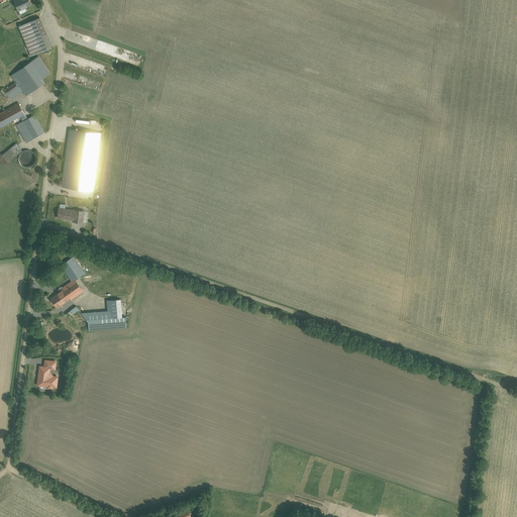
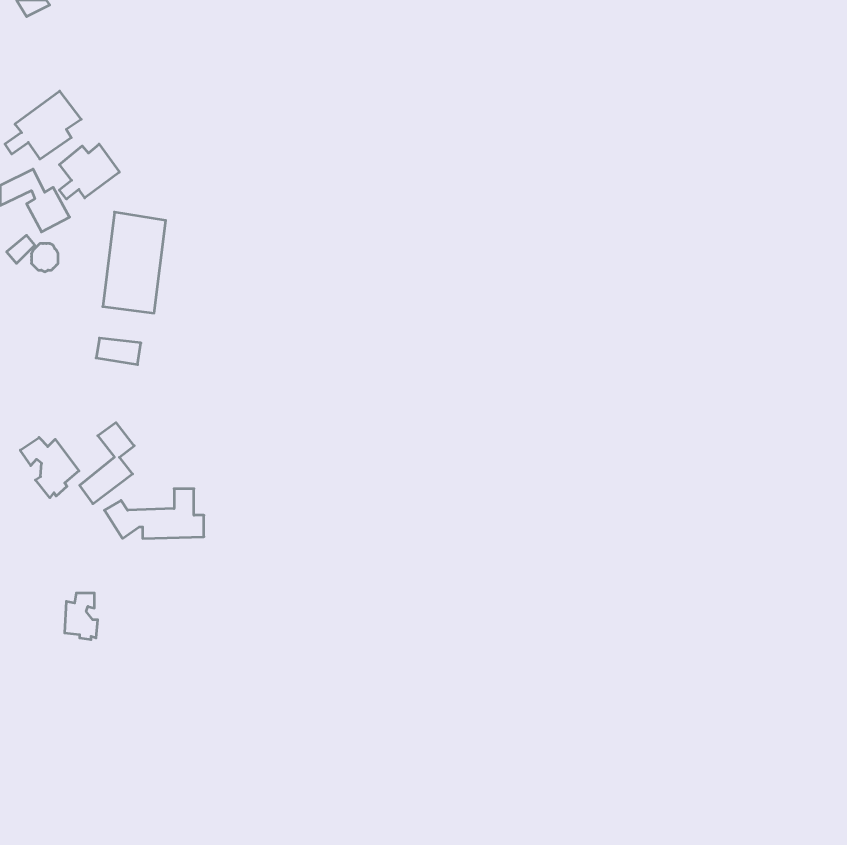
building: [21,18,51,55] -> none
building: none -> [59,144,119,199]
building: none -> [20,437,79,498]

